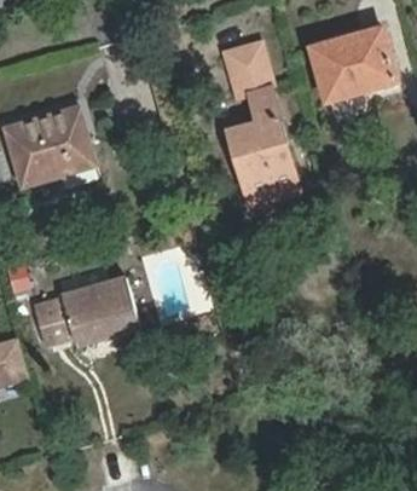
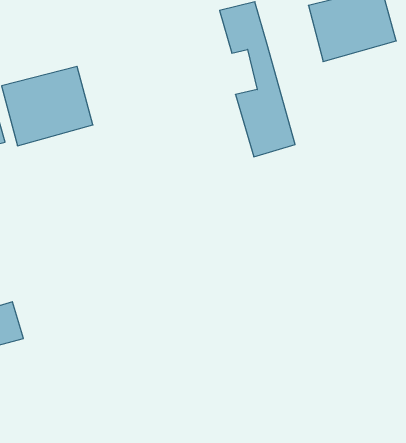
building: [225,120,300,208] -> none
building: [31,276,138,343] -> none

